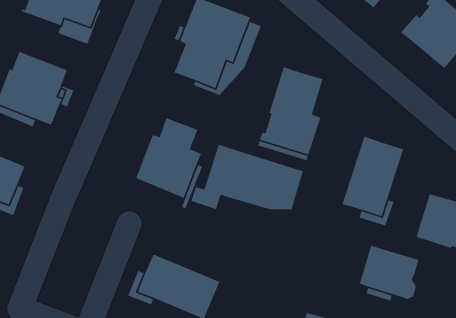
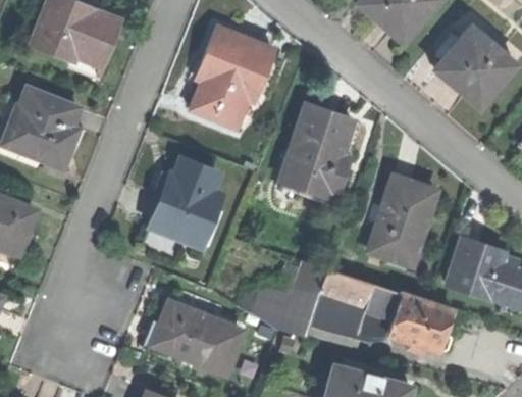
building: [190,144,304,210] -> [279,263,400,334]

